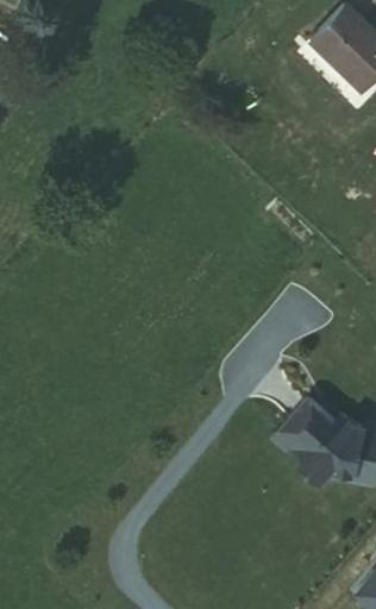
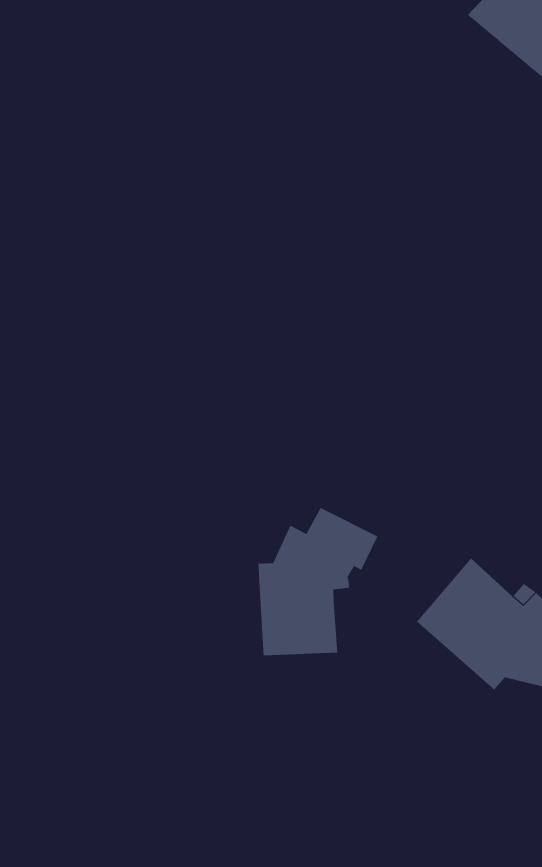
building: none -> [258,507,378,656]

